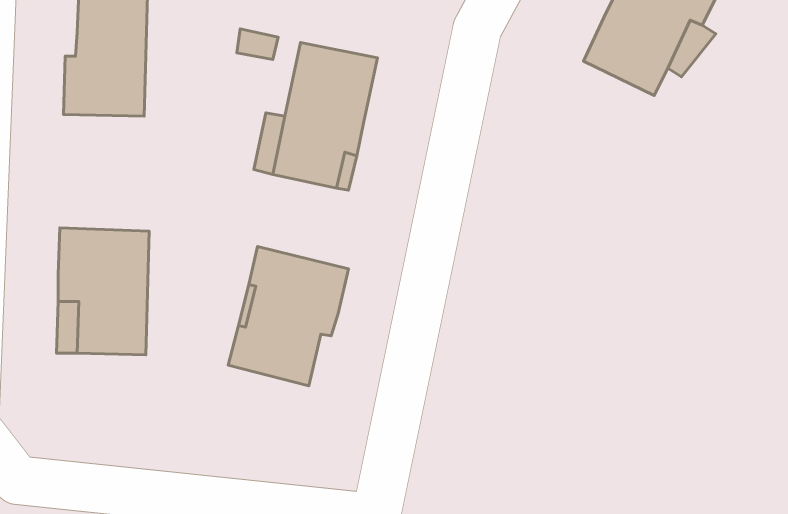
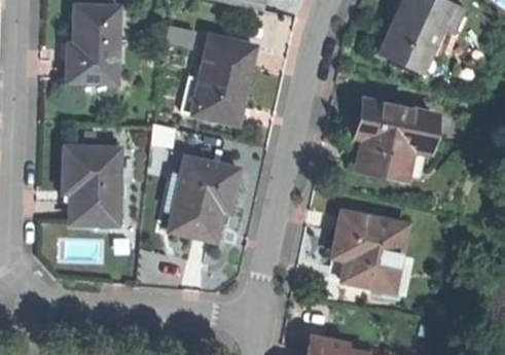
building: none -> [357,100,436,177]
building: none -> [335,212,407,287]

